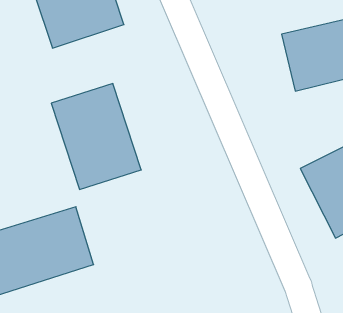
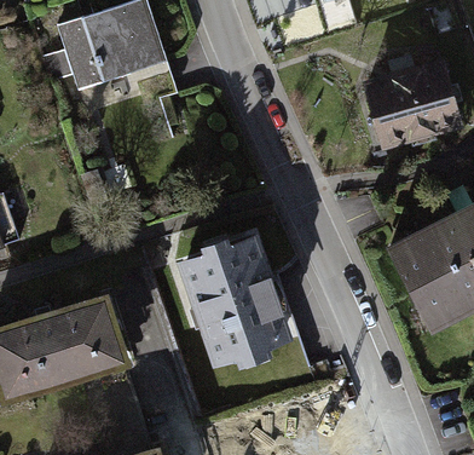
building: [51,84,141,189] -> [181,236,293,367]

